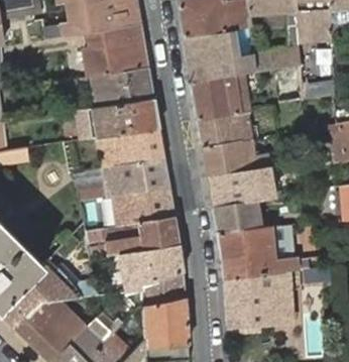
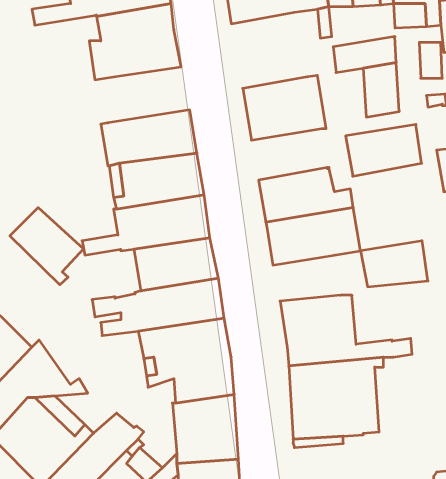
building: [184,30,237,84] -> none
building: [95,69,154,108] -> none
building: [198,112,251,148] -> [346,124,422,176]
building: none -> [10,208,84,285]
building: [213,201,260,233] -> [360,241,428,287]

